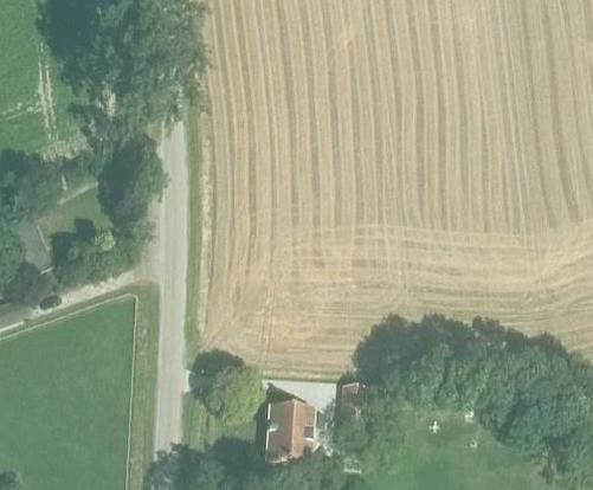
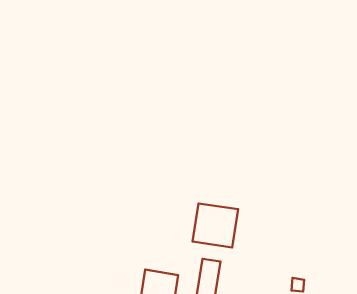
building: none -> [193,203,238,247]

